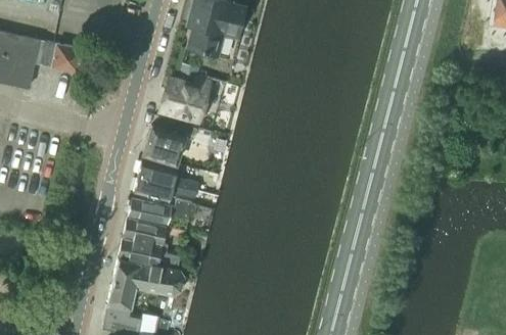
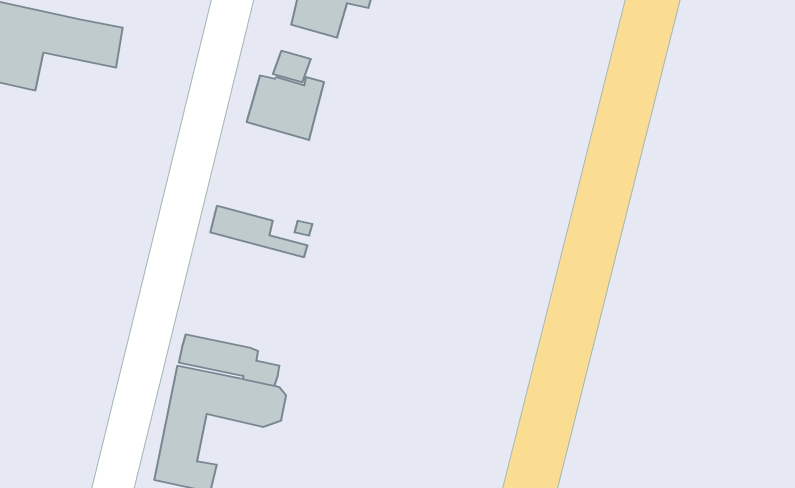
building: [144,121,197,163] -> none
building: [134,176,196,202] -> none
building: [129,198,196,224] -> none
building: [124,220,186,244] -> none

